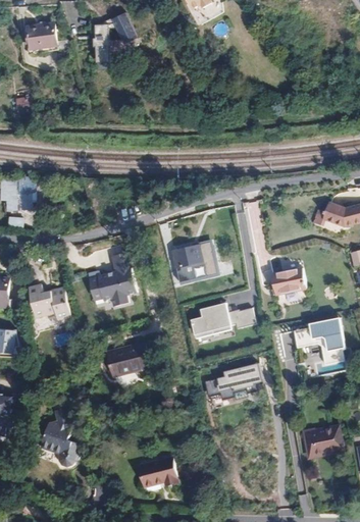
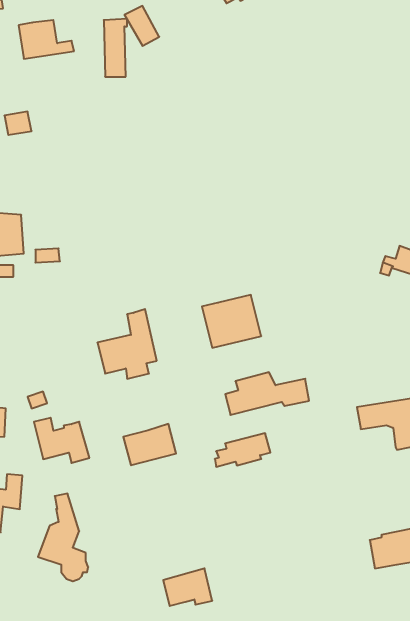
building: [270,268,305,295] -> none
building: [28,284,71,320] -> [34,418,89,463]
building: [215,365,259,392] -> [215,433,270,467]

